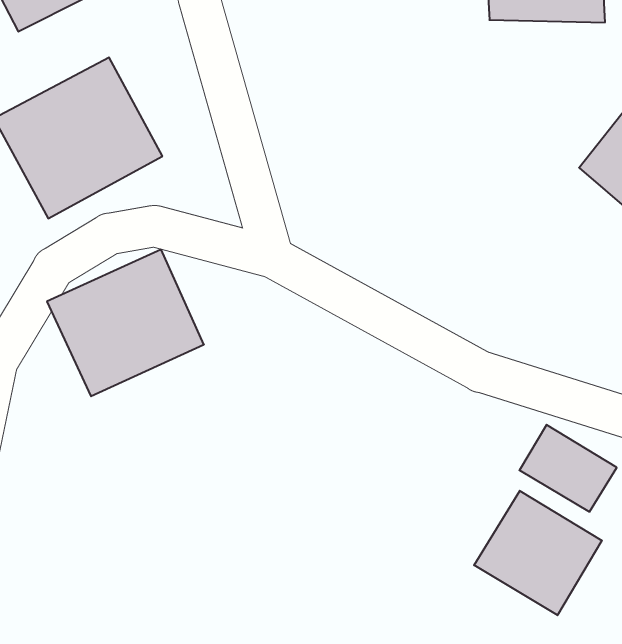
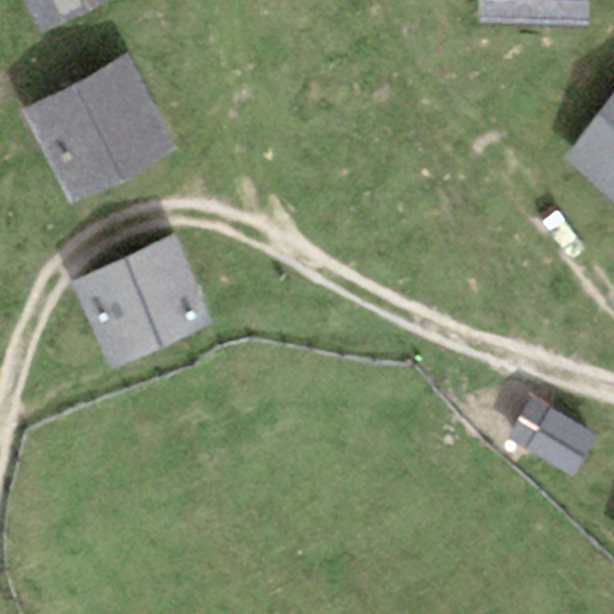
building: [474,491,602,615] -> none

